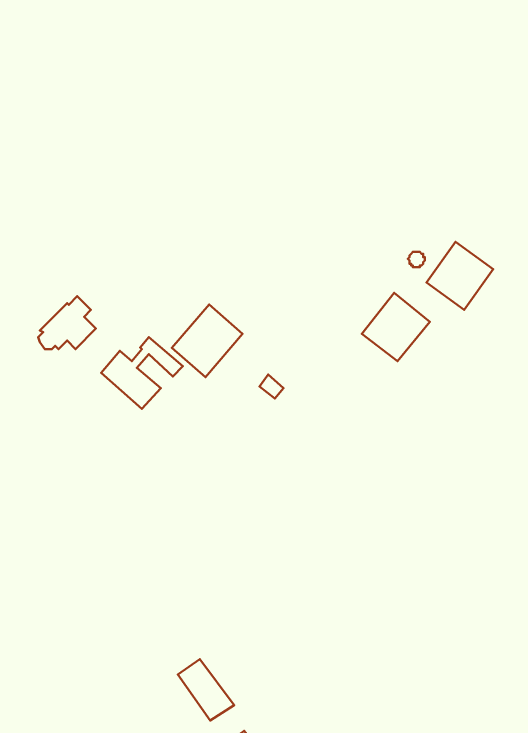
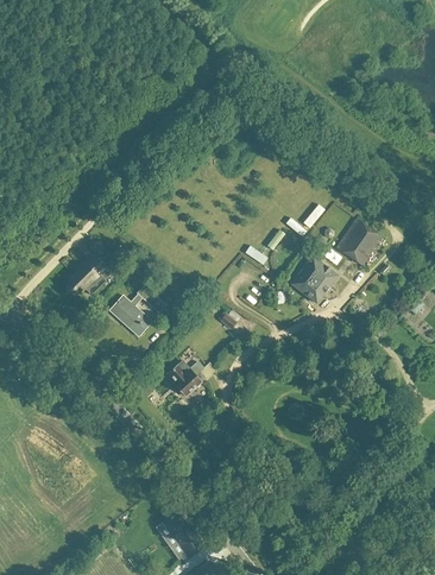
building: [172,305,243,377] -> none
building: none -> [168,361,203,397]

